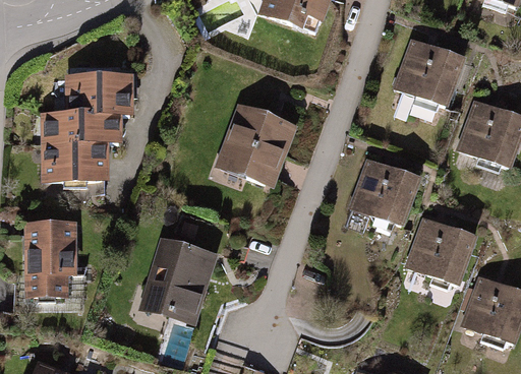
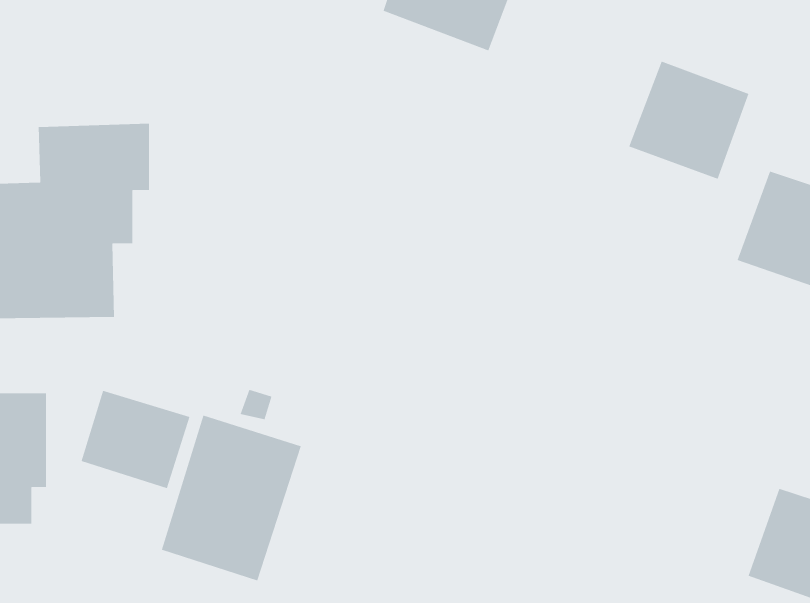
building: [216,106,297,186] -> none
building: [350,159,421,227] -> none
building: [405,220,476,285] -> none
building: none -> [81,390,191,489]

